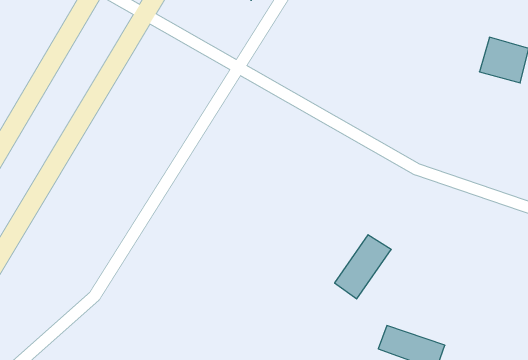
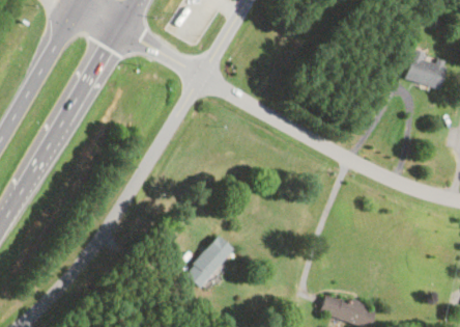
building: [335,235,391,299] -> [188,237,235,291]

